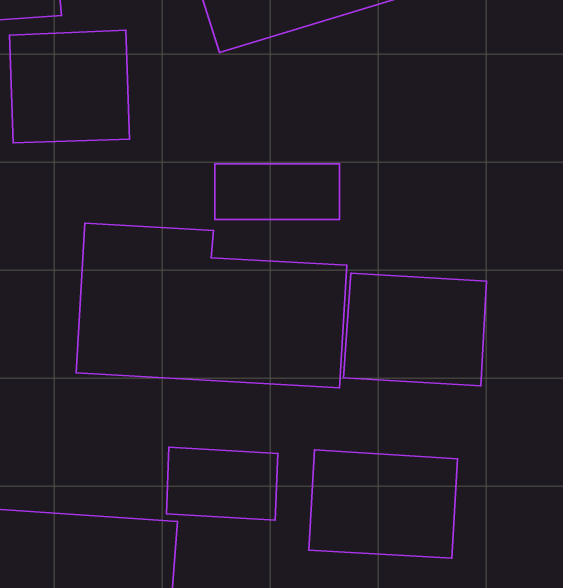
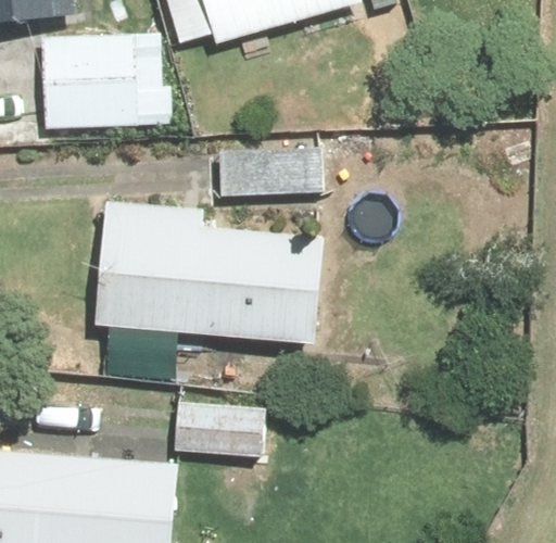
building: [344,273,486,386] -> none
building: [309,450,457,558] -> none

